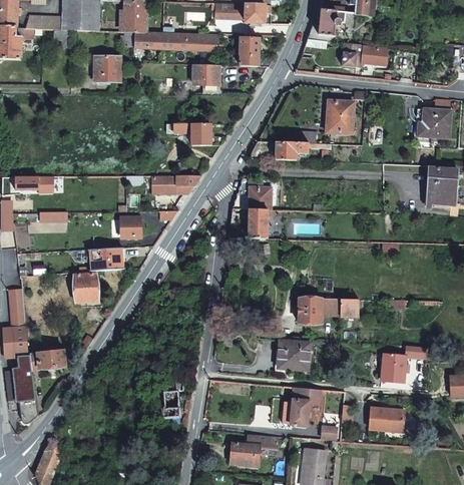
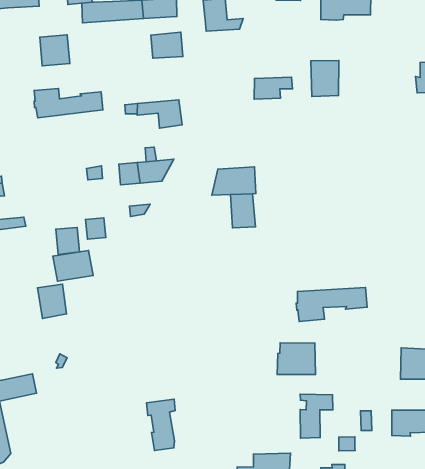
building: none -> [34,88,103,118]
building: [274,140,308,159] -> [254,77,292,99]
building: none -> [56,228,80,254]

